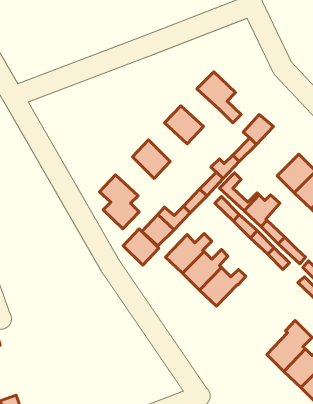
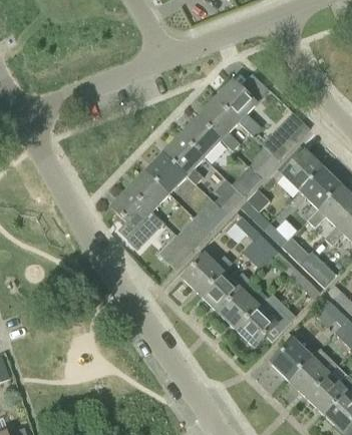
building: none -> [198,100,239,148]
building: none -> [163,136,205,182]
building: none -> [282,152,323,192]
building: none -> [128,172,169,213]
building: [123,229,159,265] -> none
building: none -> [236,306,290,349]
building: none -> [271,341,311,382]

